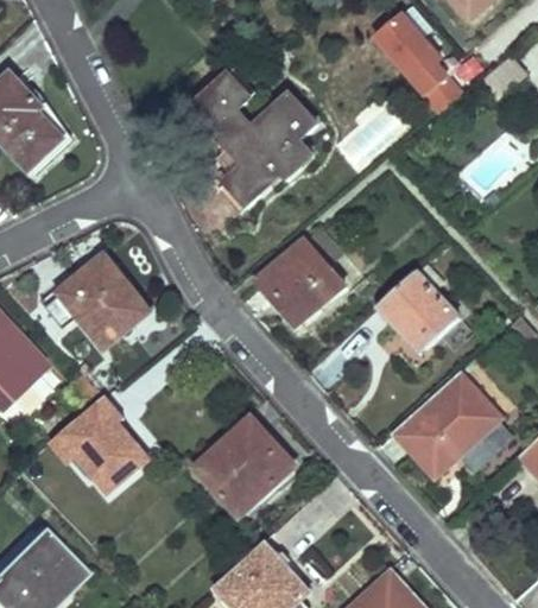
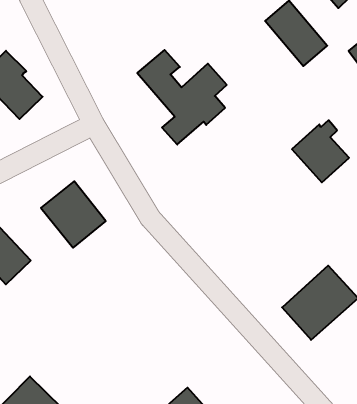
building: [258,229,346,327] -> none
building: [379,267,458,354] -> [292,120,349,182]
building: [50,401,146,493] -> none
building: [195,419,293,517] -> none

